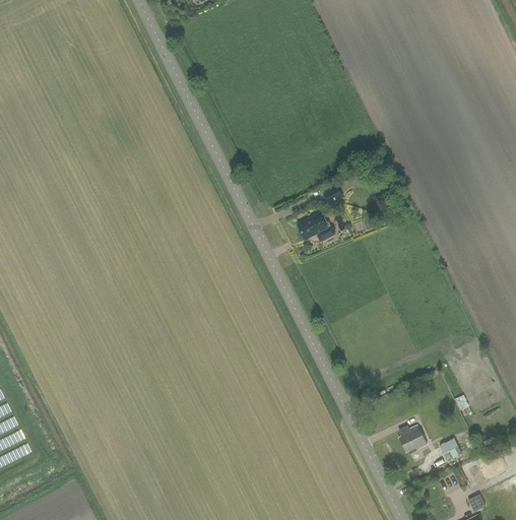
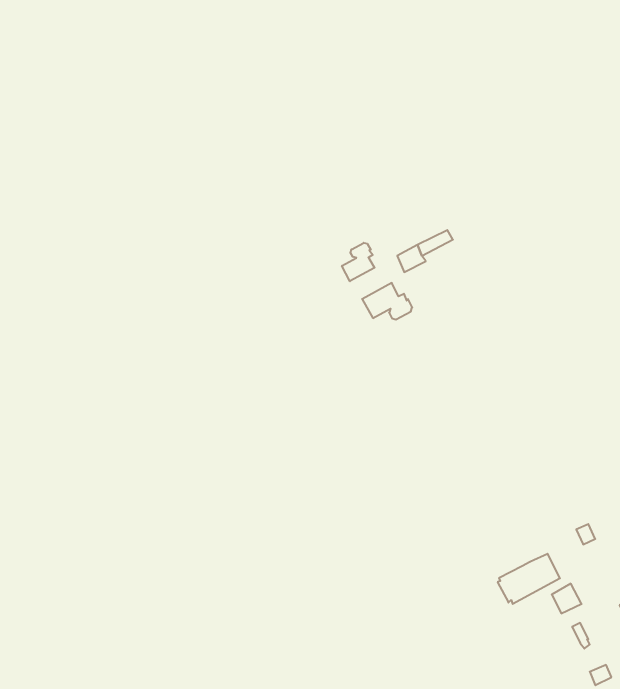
building: none -> [342,243,375,281]

